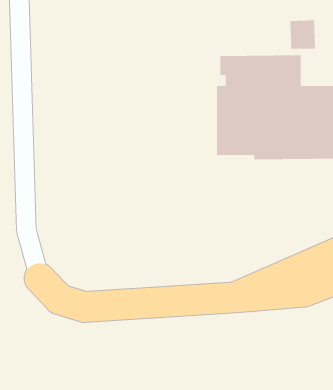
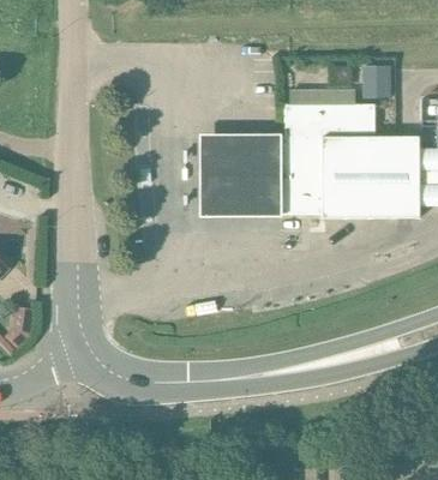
building: none -> [197,139,278,220]

